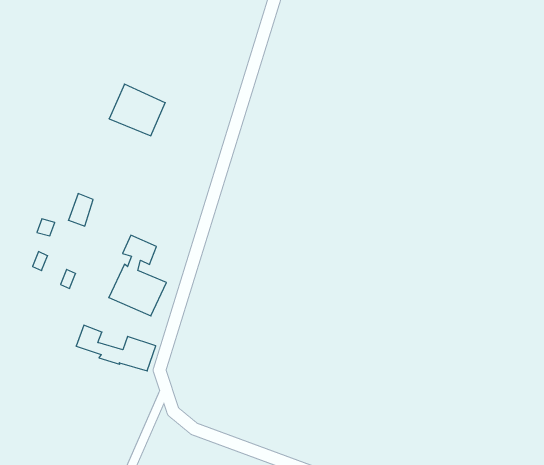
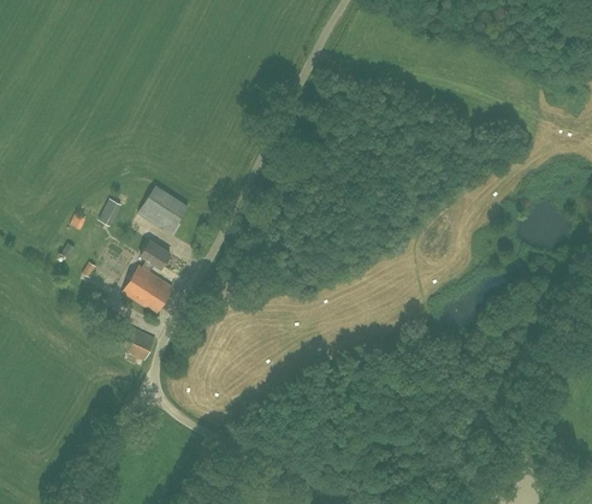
building: [109,84,165,136] -> [137,185,188,233]

